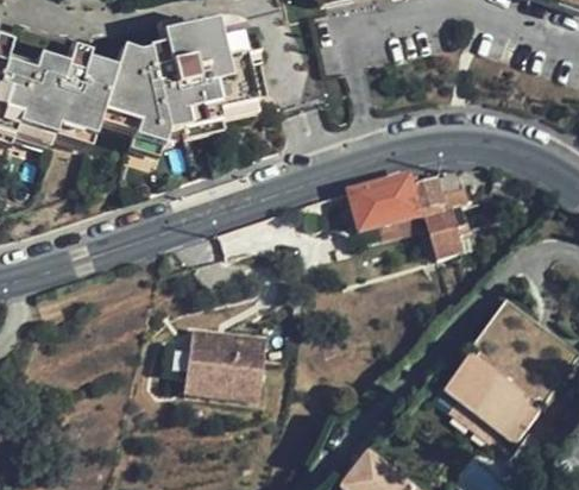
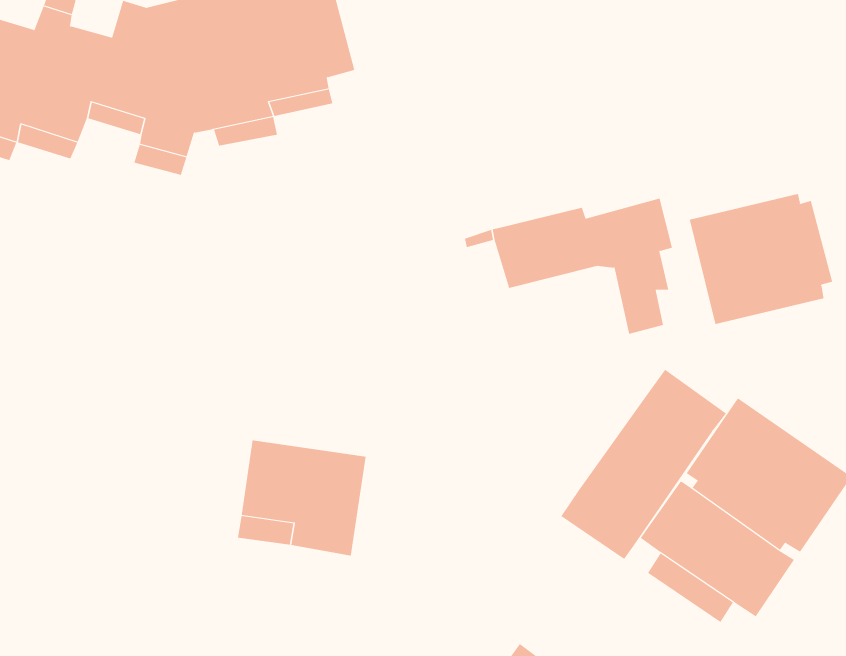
building: none -> [689,193,833,325]
building: none -> [561,369,727,560]

